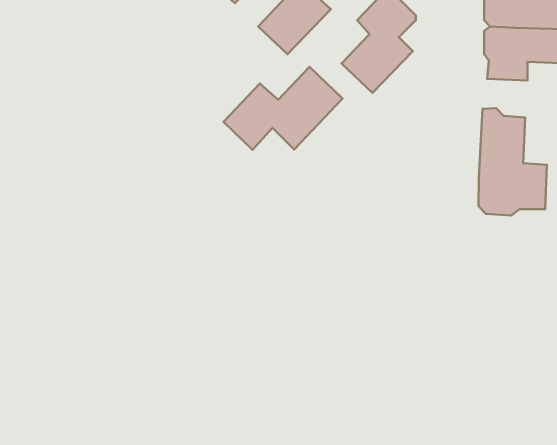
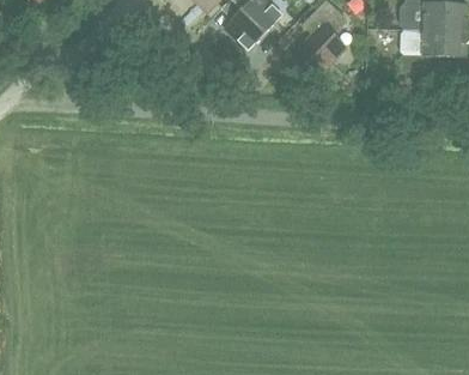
building: [223,67,342,150] -> none
building: [479,108,547,216] -> none

